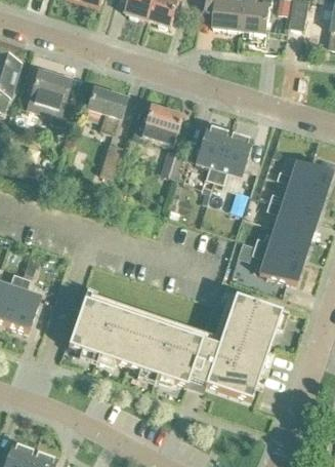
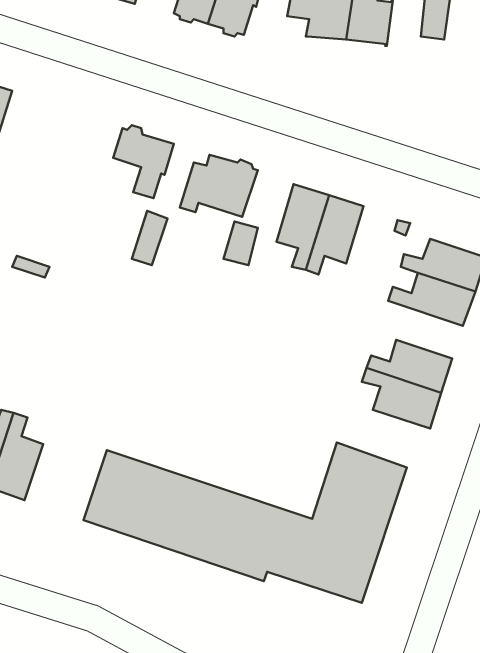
building: [26,69,77,128] -> none
building: [265,200,317,238] -> none

